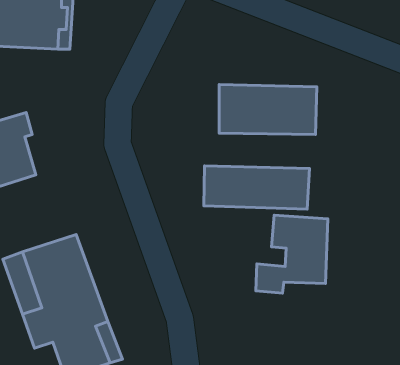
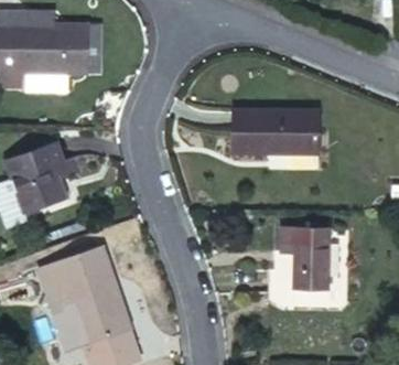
building: [204,166,310,209] -> none

